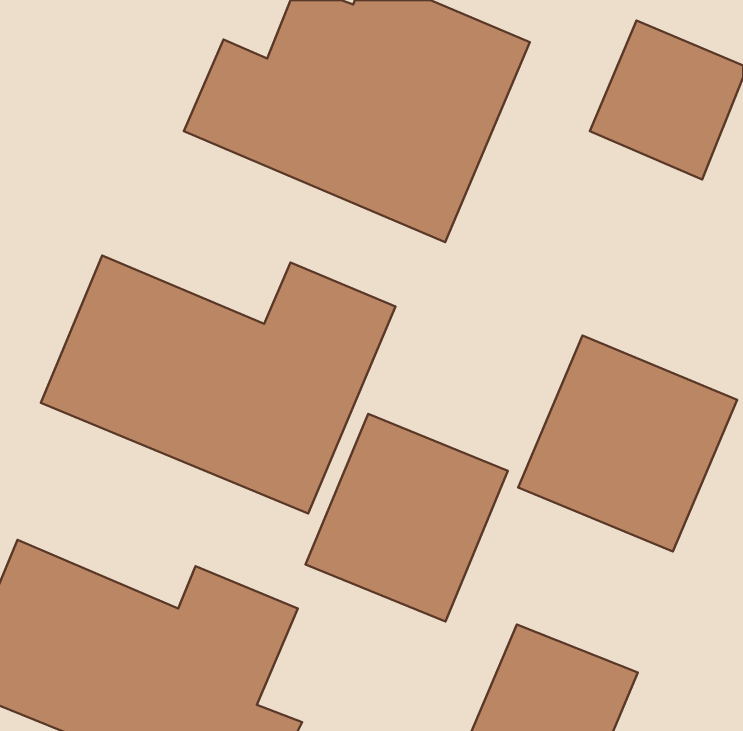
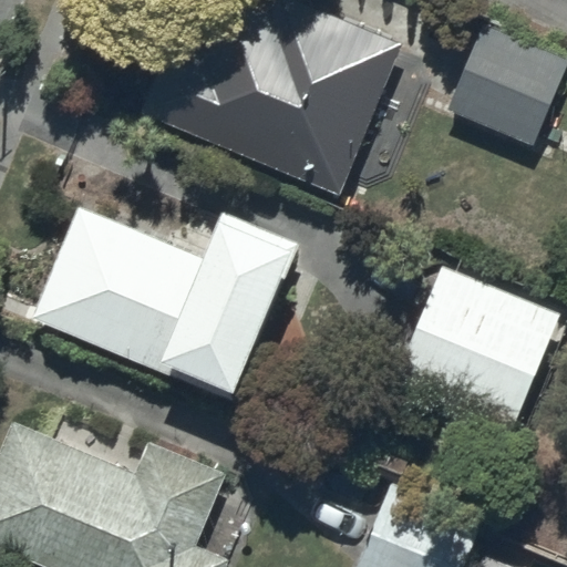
building: [306,414,508,621] -> none

